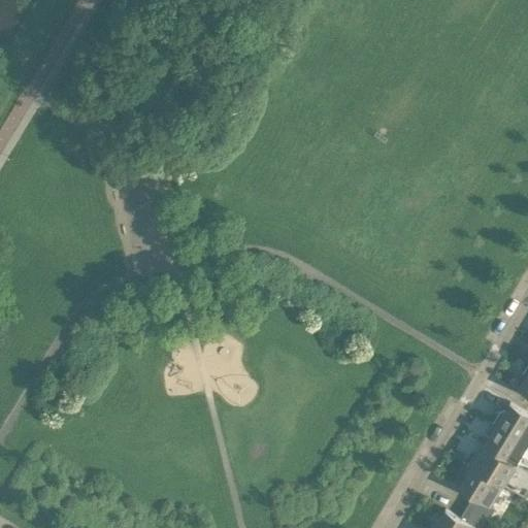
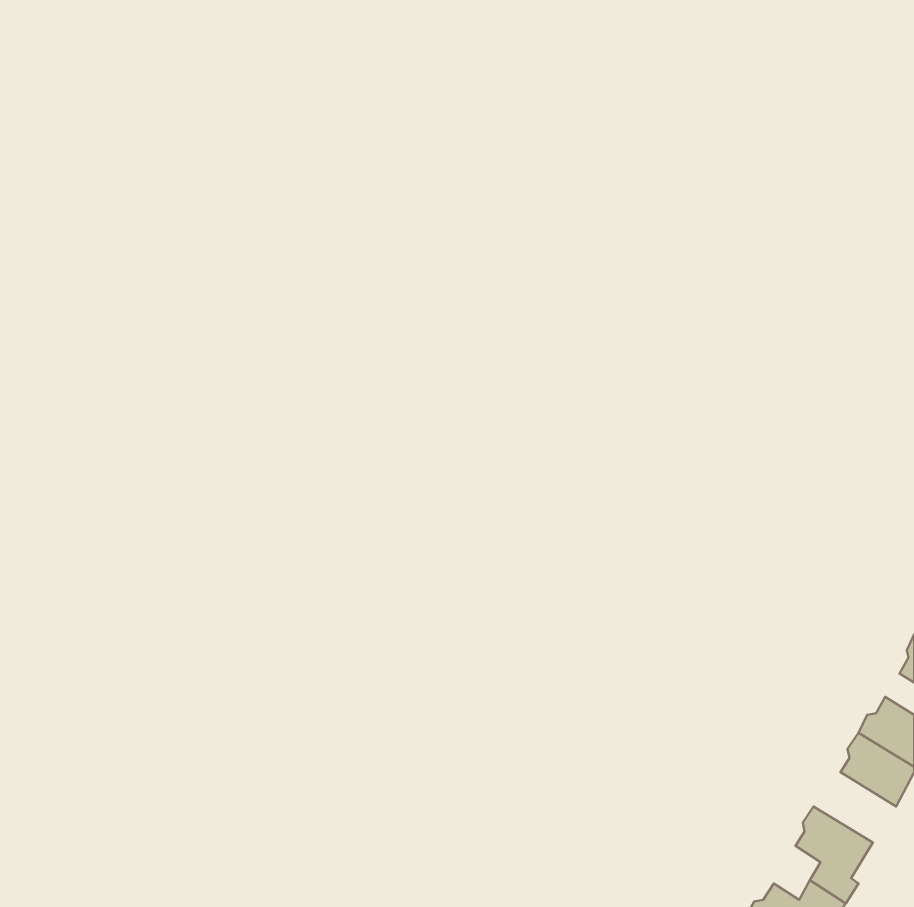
building: [467,450,515,490] -> none

